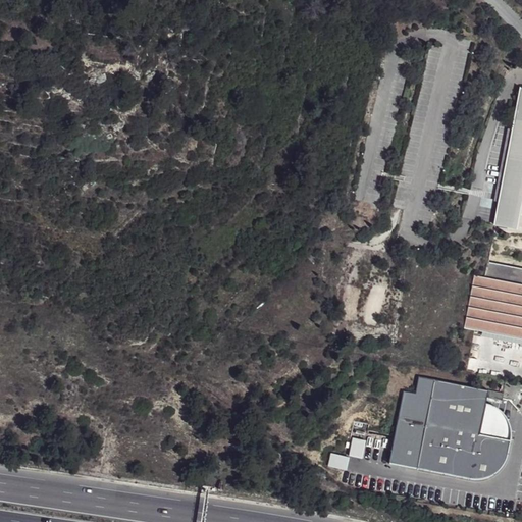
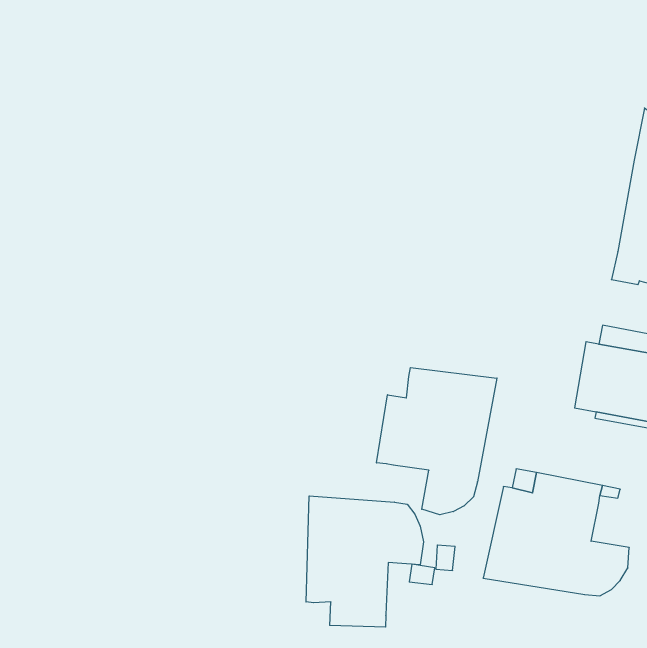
building: none -> [377,368,497,515]
building: none -> [306,496,424,627]
building: [476,404,508,439] -> none

